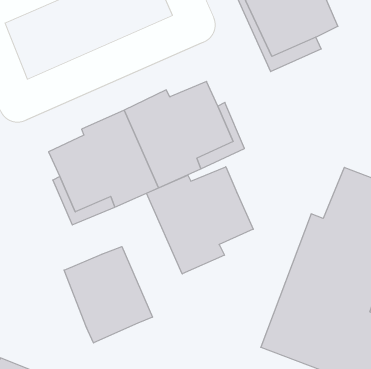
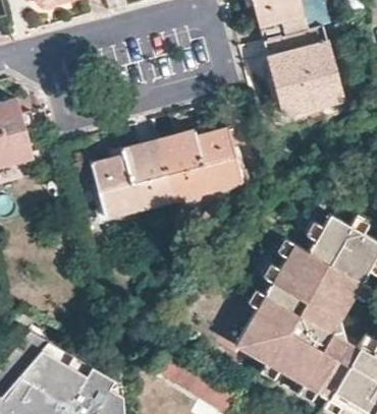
building: [146,167,253,274] -> none
building: [64,247,152,343] -> none

